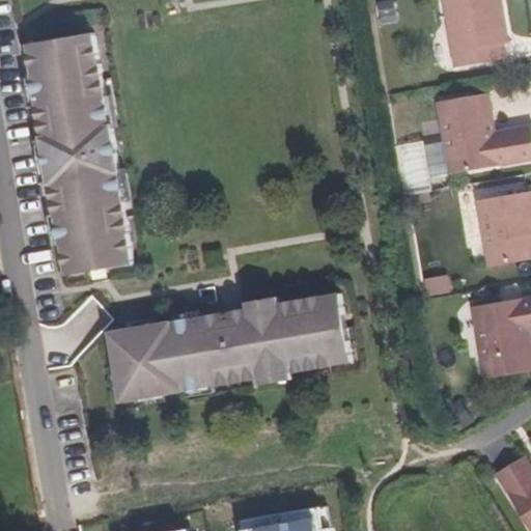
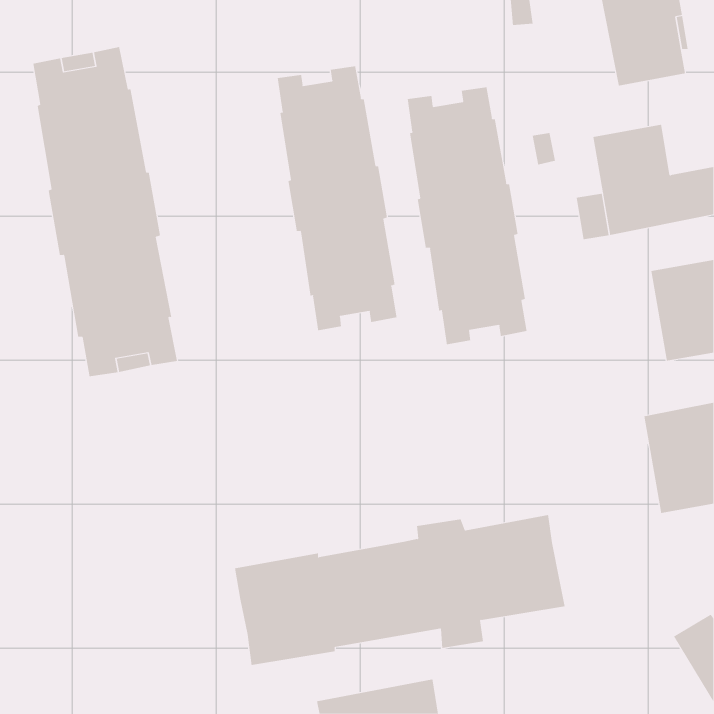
building: none -> [277,66,397,331]
building: none -> [407,86,527,345]
building: [110,292,354,403] -> [234,515,566,666]

